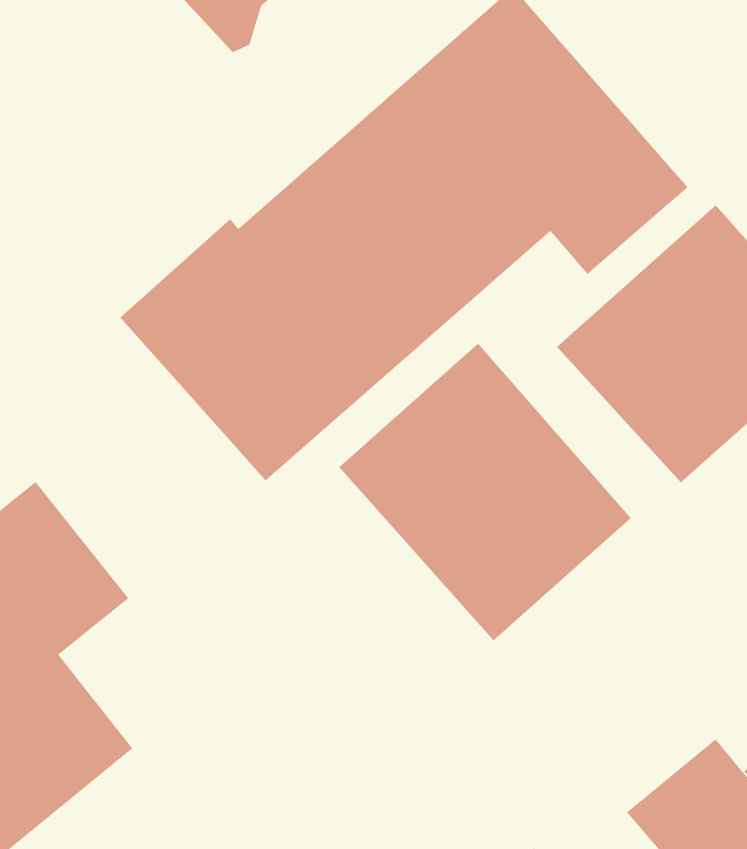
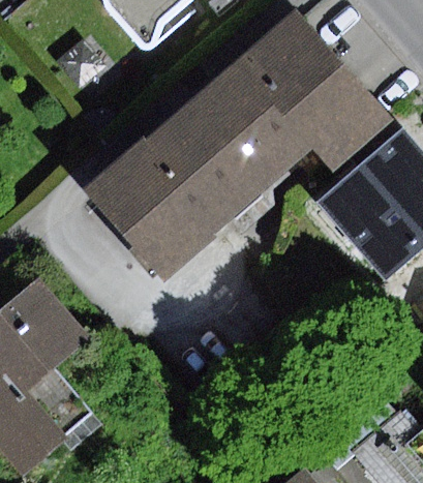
building: [338,343,631,641] -> none

